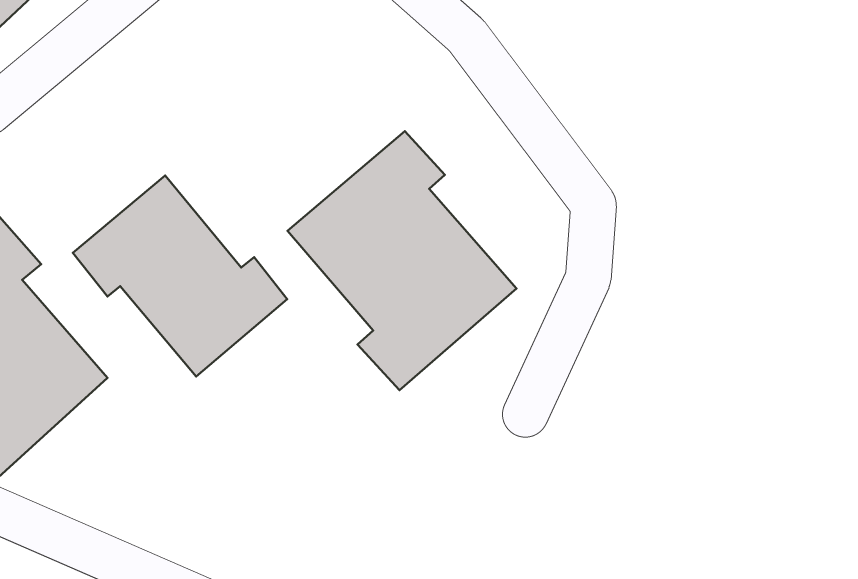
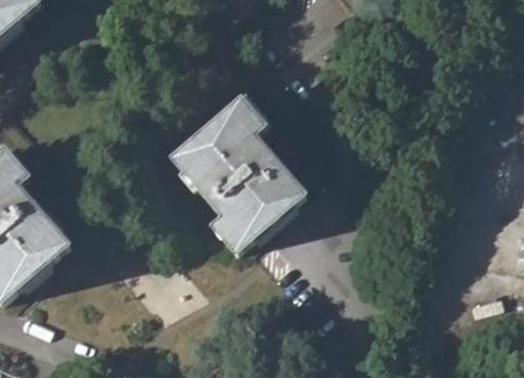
building: [73,176,287,377] -> none

